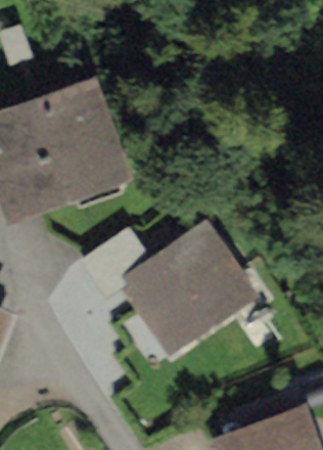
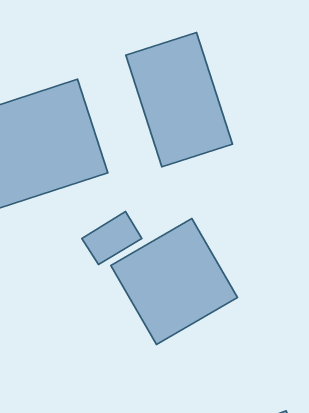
building: none -> [126,33,232,167]

